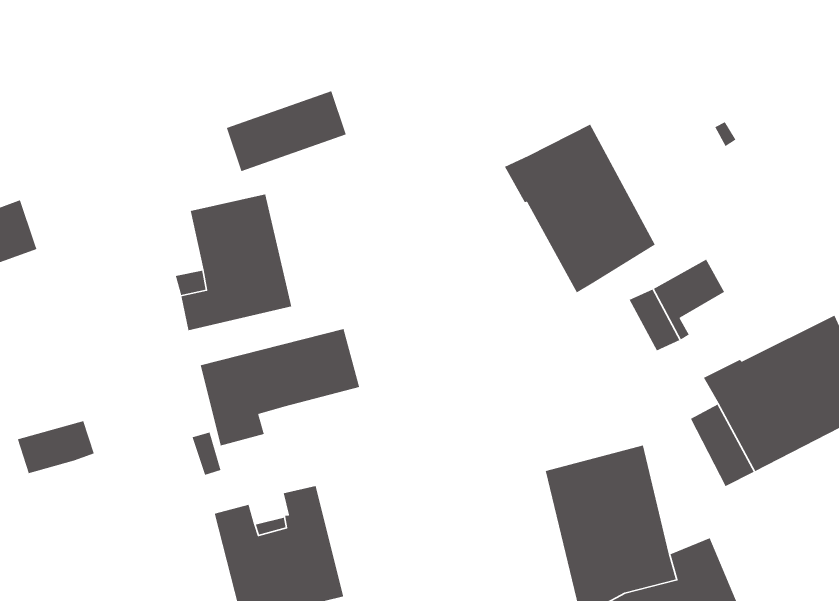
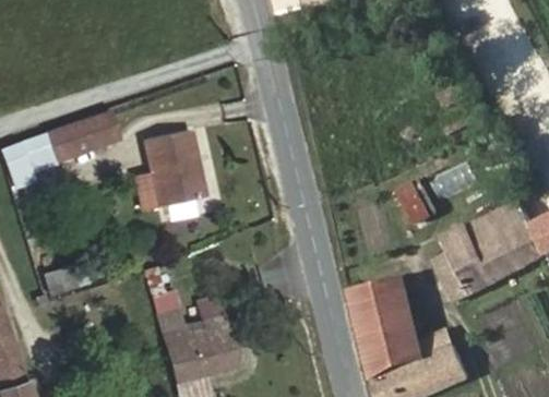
building: [226,90,347,172] -> [45,110,116,158]
building: [504,124,656,293] -> none
building: [200,328,360,446] -> none

